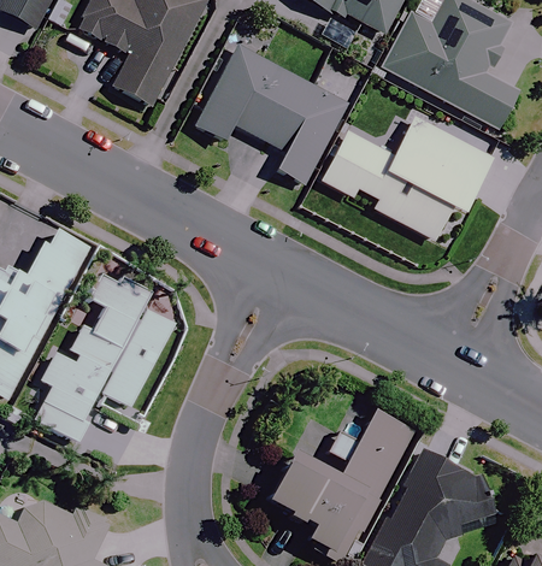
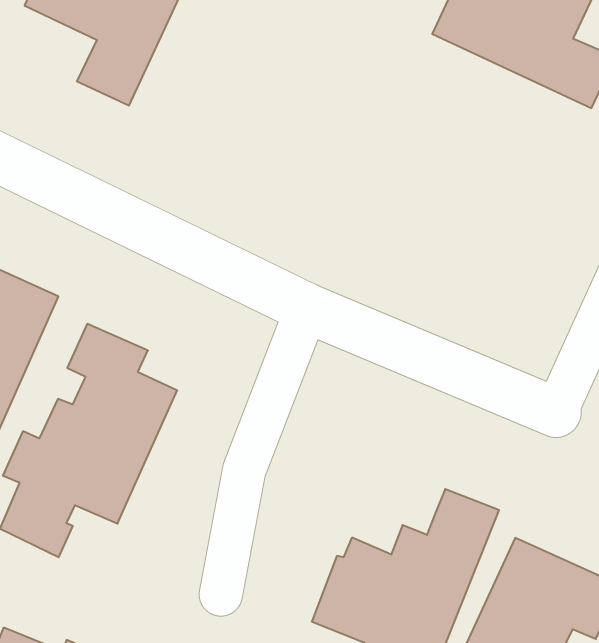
building: [194,45,349,184] -> none
building: [322,116,494,240] -> none

